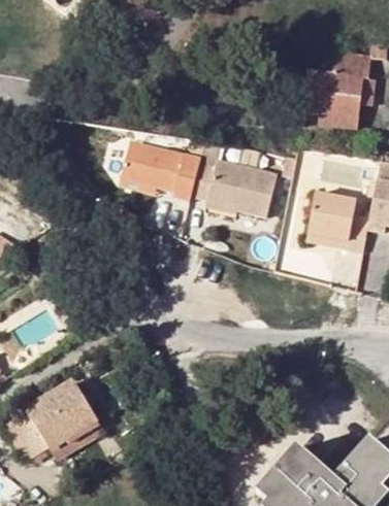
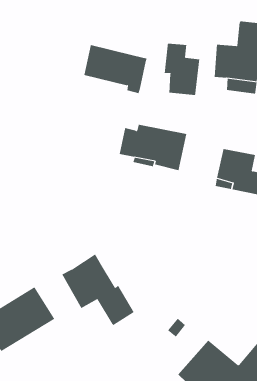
building: none -> [164,43,200,96]
building: [109,149,191,212] -> [84,45,147,94]
building: none -> [61,254,135,326]

